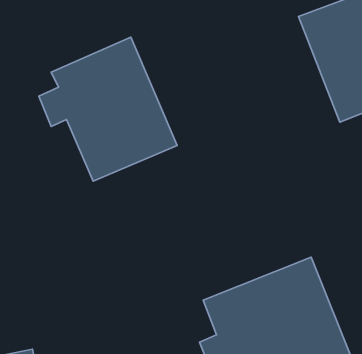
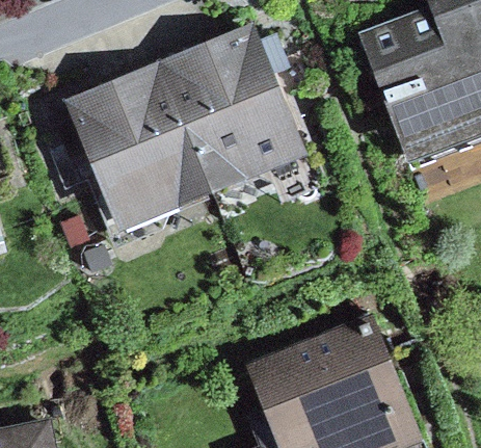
building: none -> [164,24,305,186]

